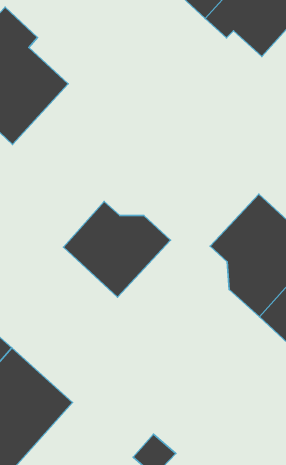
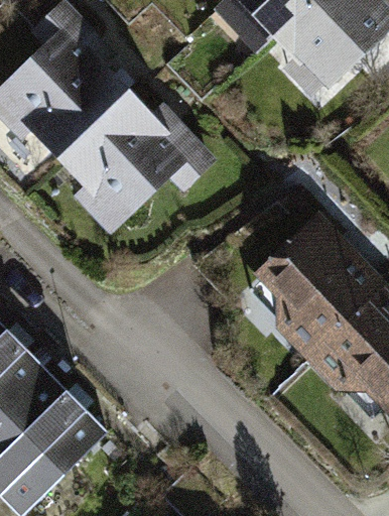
building: none -> [59,95,206,209]
building: [63,201,171,297] -> none

